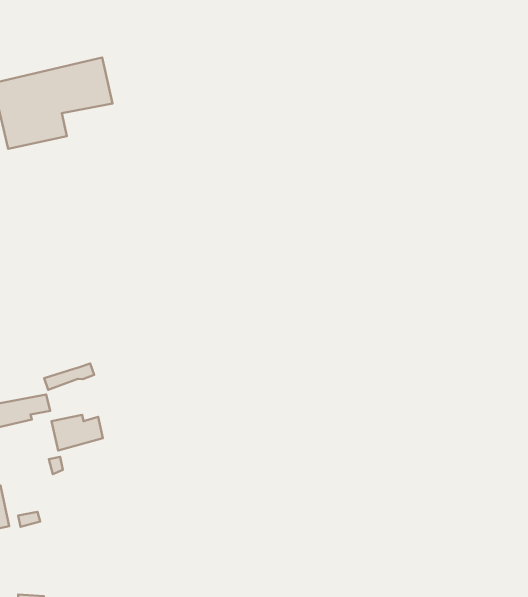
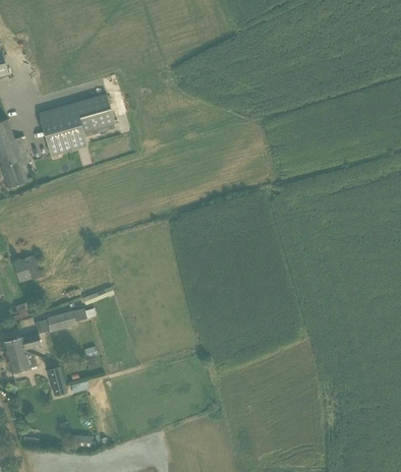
building: [52,415,103,451] -> none

